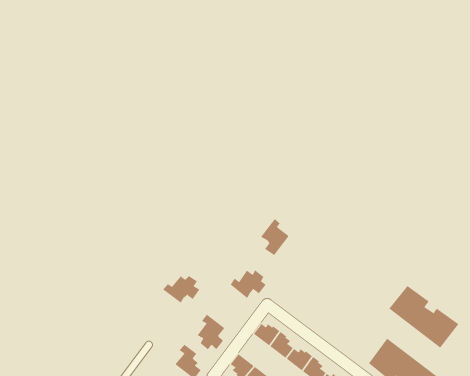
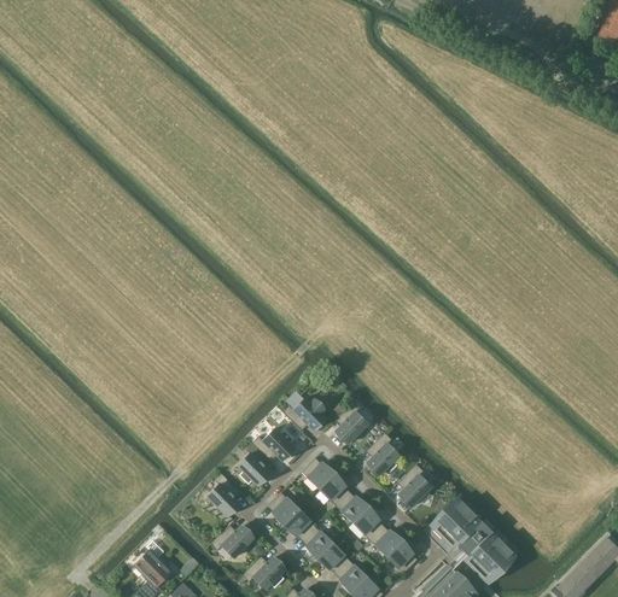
building: [260,218,290,256] -> [336,402,369,445]
building: [162,275,200,304] -> [253,429,297,462]
building: [389,285,459,348] -> none
building: none -> [367,433,401,476]
building: none -> [402,464,432,508]

